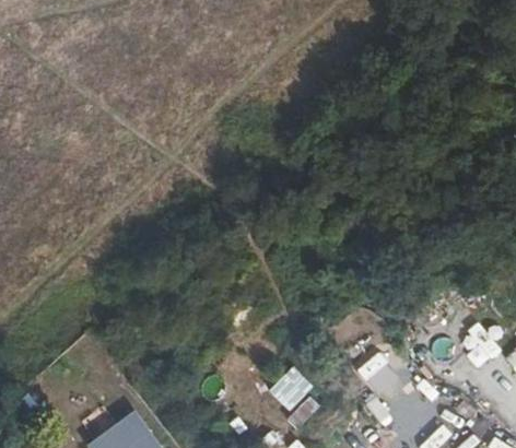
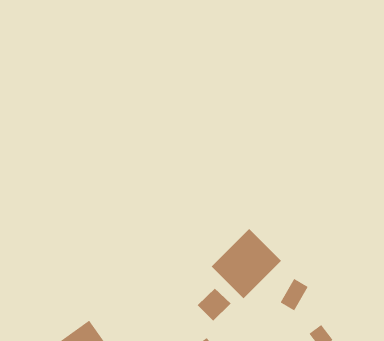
building: none -> [211,228,282,299]

